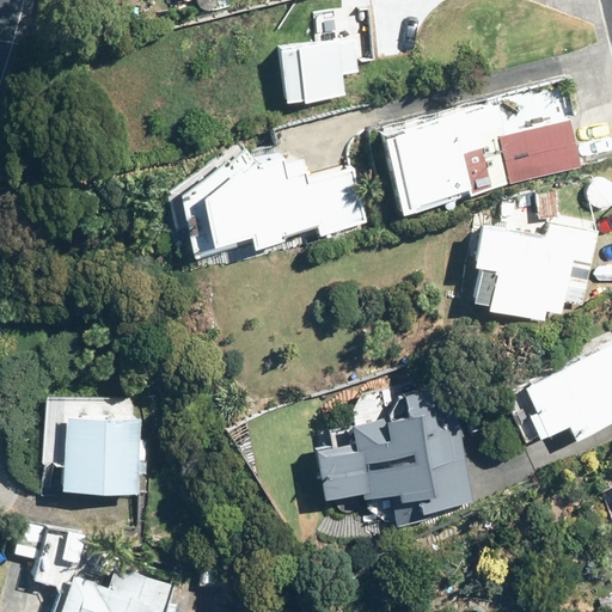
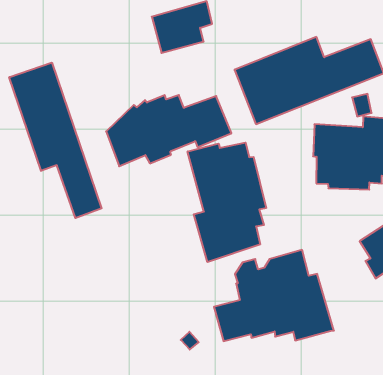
building: none -> [9,63,102,218]
building: none -> [188,143,266,262]
building: [60,418,145,494] -> none

